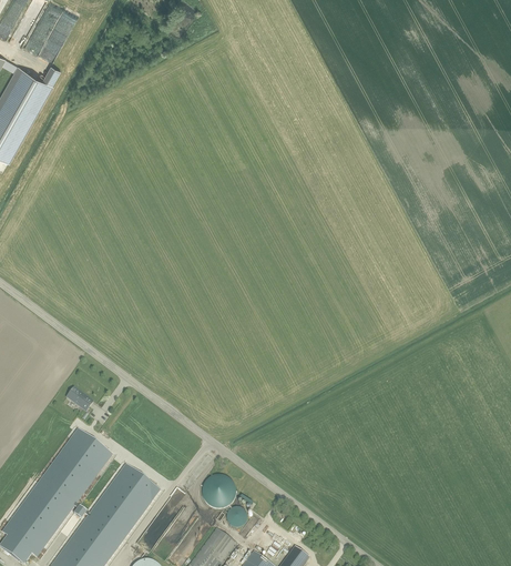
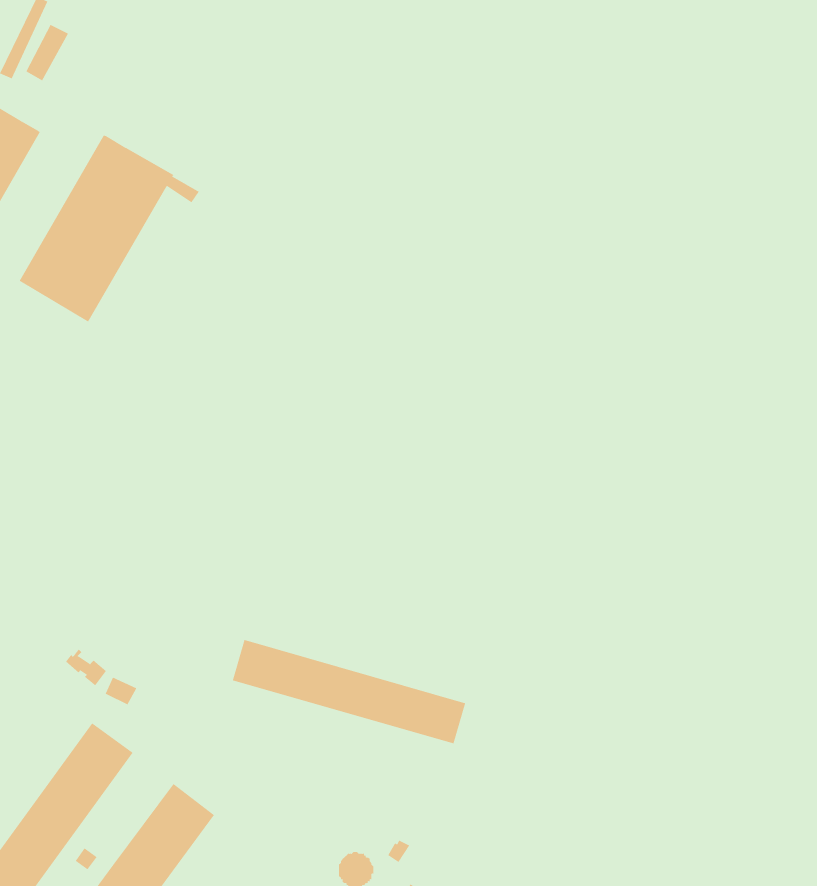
building: none -> [19,135,199,323]
building: none -> [232,639,466,744]
building: [201,475,235,509] -> none

